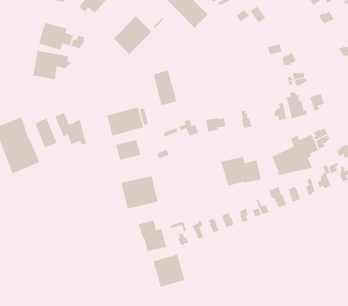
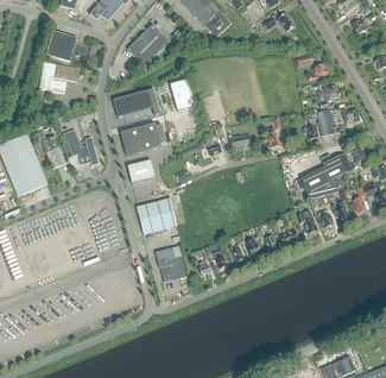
building: none -> [113,89,152,116]
building: [221,156,262,186] -> none
building: [153,254,185,288] -> none

